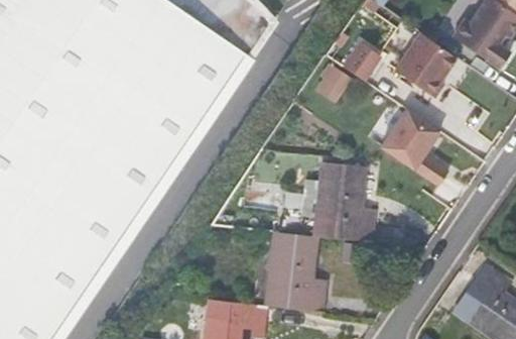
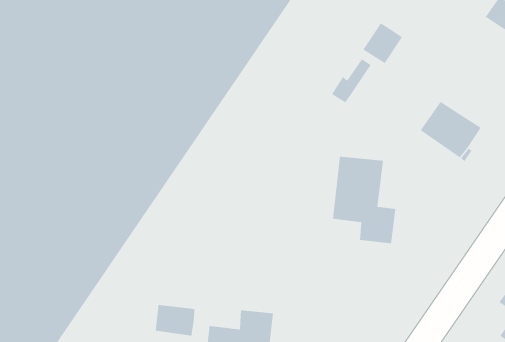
building: [393,32,456,98] -> none
building: [263,231,324,310] -> none
building: none -> [155,304,195,337]

